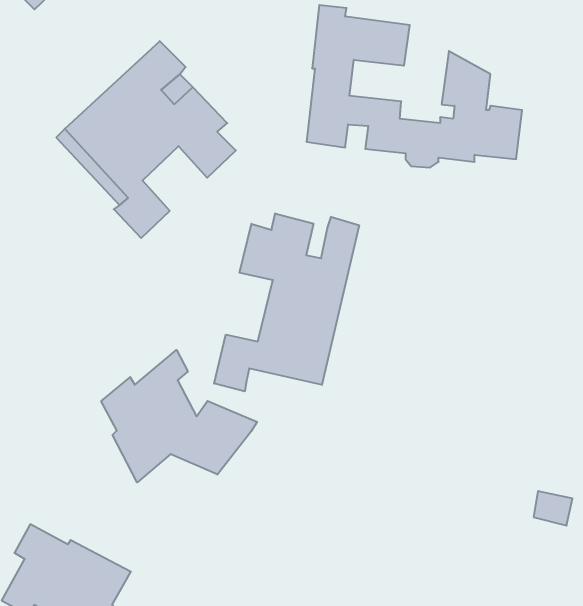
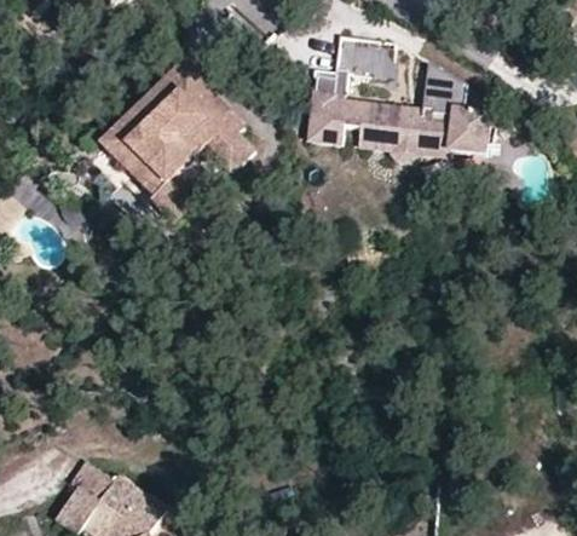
building: [214,213,359,391] -> none
building: [101,350,257,482] -> none

